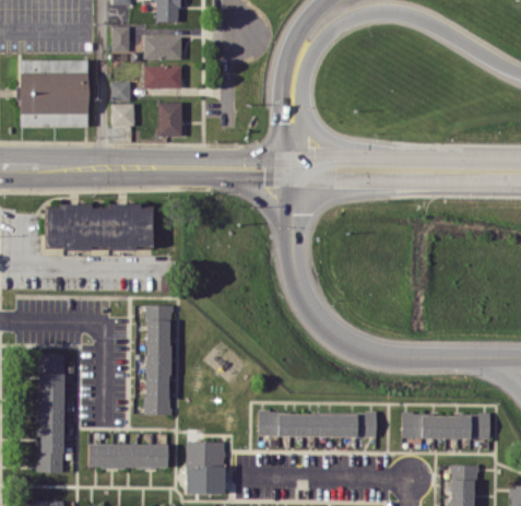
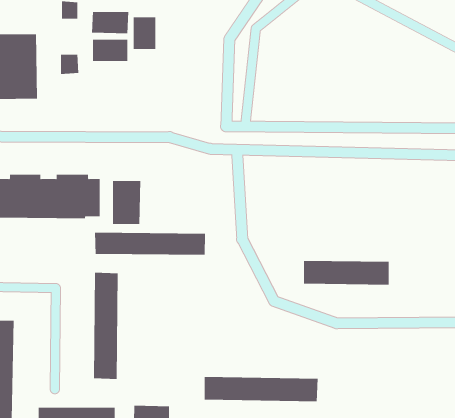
building: [158,103,182,137] -> [133,17,156,50]
building: [111,104,134,127] -> none
building: none -> [112,180,141,225]
building: none -> [95,232,206,256]
building: [402,414,490,439] -> [303,261,389,285]

